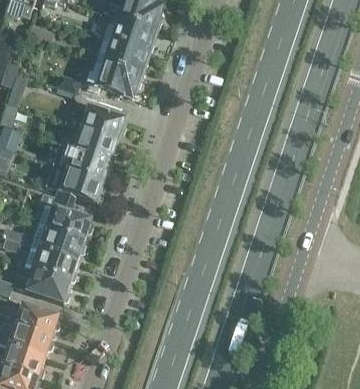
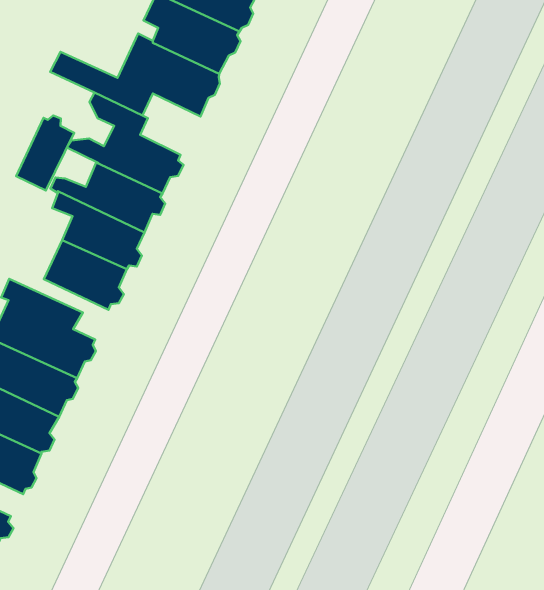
building: none -> [16,116,74,190]

